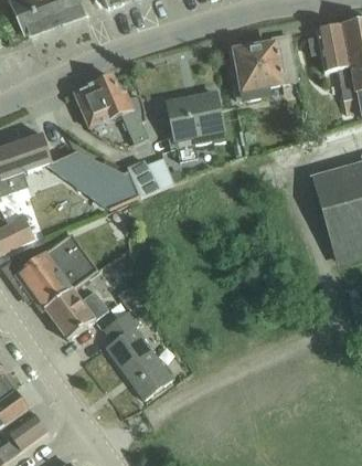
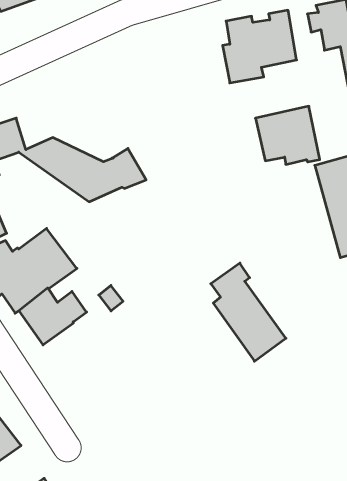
building: [73,75,148,144] -> none
building: [166,91,224,144] -> [255,106,320,164]
building: [103,310,171,400] -> [211,263,286,361]

